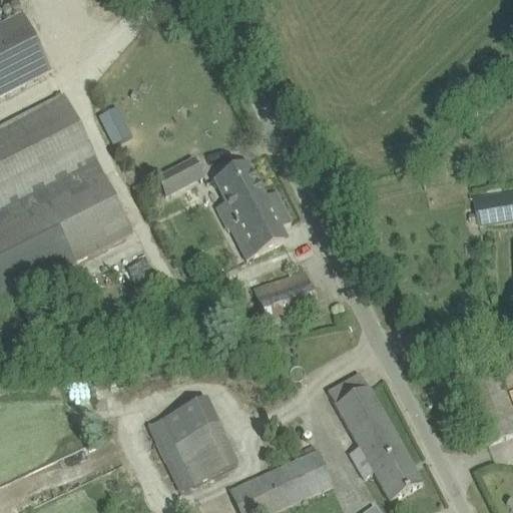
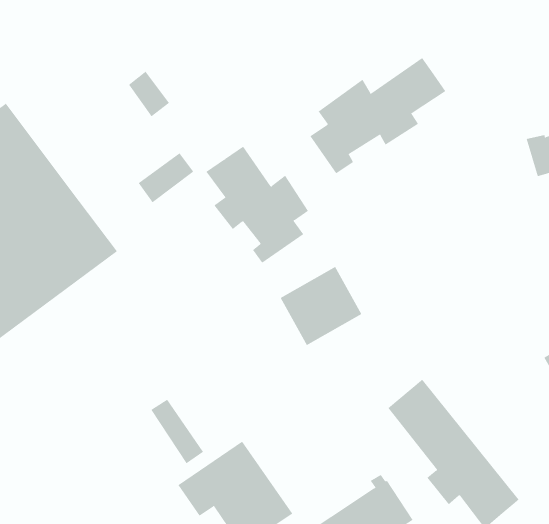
building: [99,104,130,142] -> [128,71,170,117]
building: none -> [310,57,446,174]
building: none -> [150,399,204,464]

